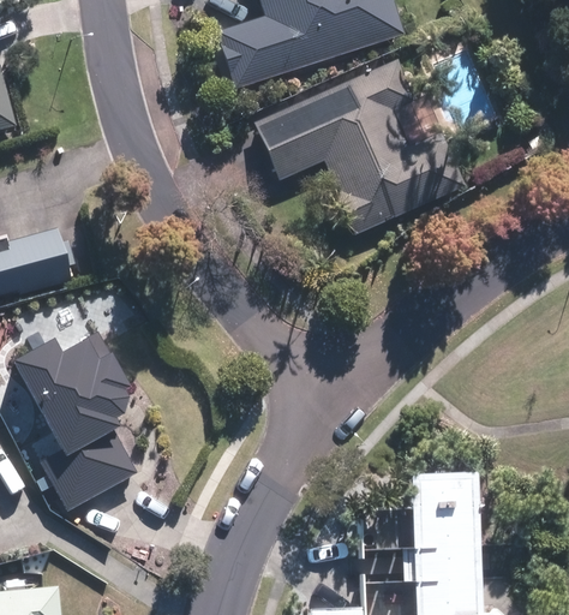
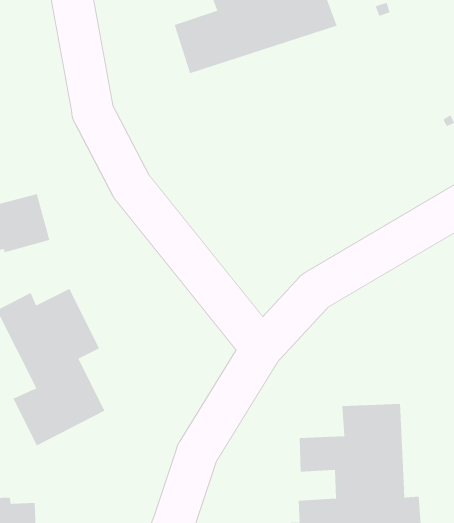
building: [254,60,466,234] -> none

